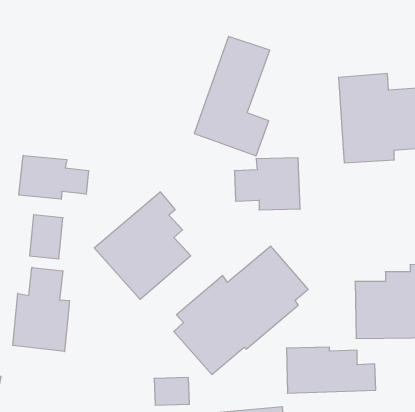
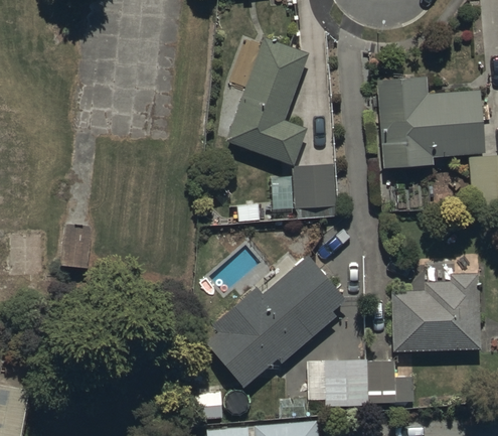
building: [19,155,89,199] -> none
building: [94,192,191,299] -> none
building: [13,267,69,352] -> none

